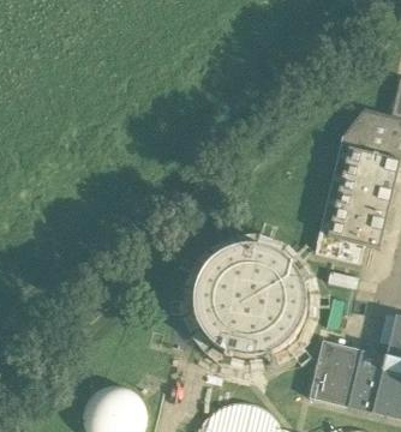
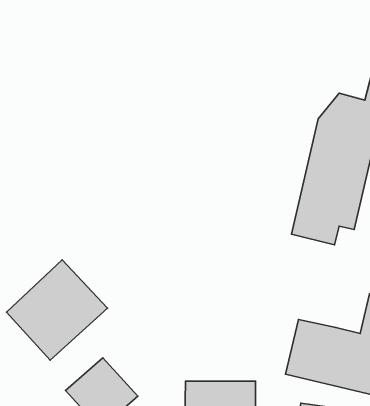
building: [197,236,310,349] -> none
building: none -> [6,260,108,360]

